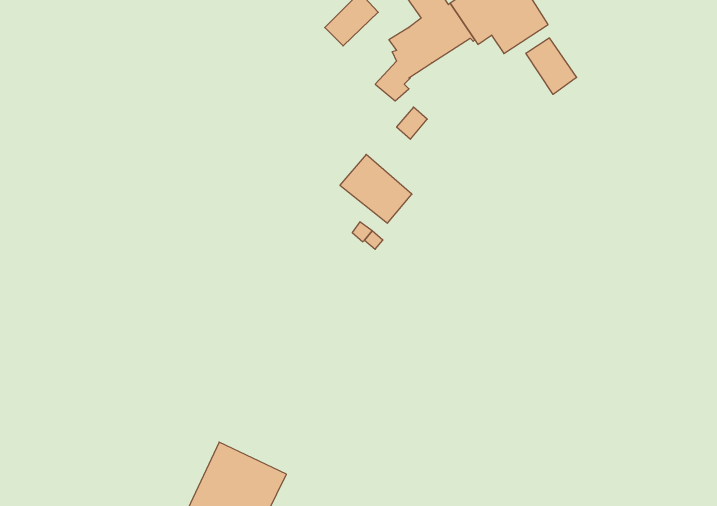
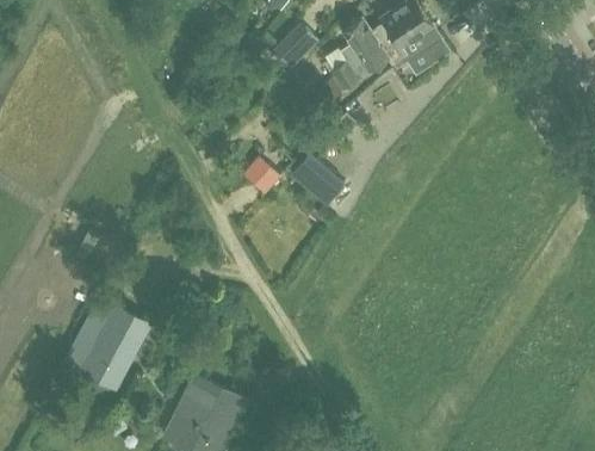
building: [526,38,577,94] -> none
building: none -> [242,155,281,194]
building: none -> [62,294,153,390]

